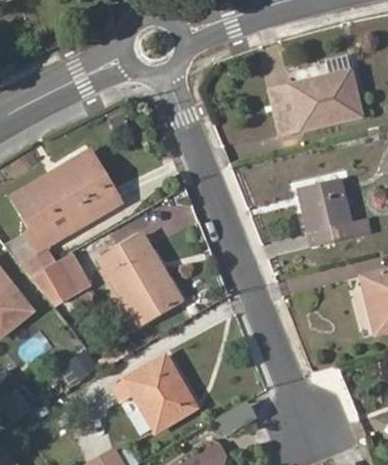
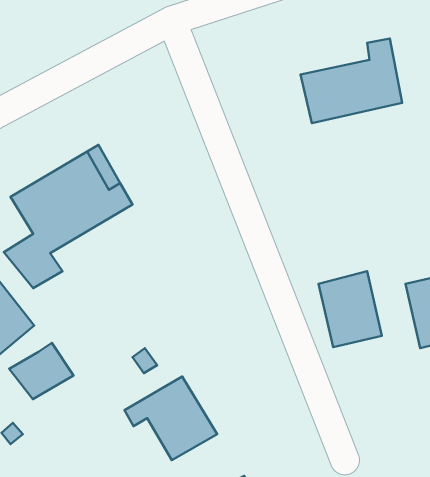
building: [300,177,356,244] -> [318,271,382,347]
building: [99,235,181,325] -> none
building: [32,255,89,305] -> [9,343,73,399]

